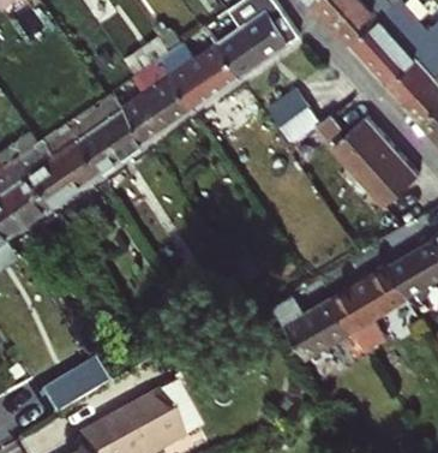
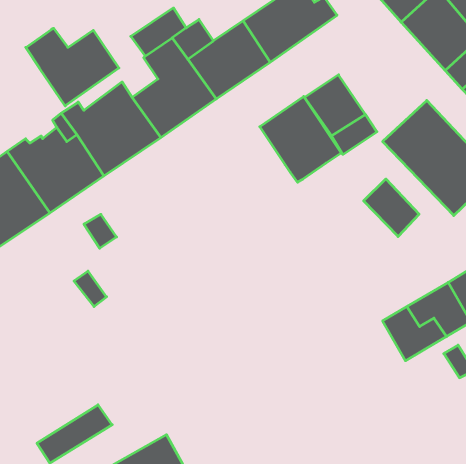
building: none -> [26,28,119,106]
building: none -> [260,96,341,182]
building: none -> [364,179,419,237]
building: [272,293,353,359] -> none

